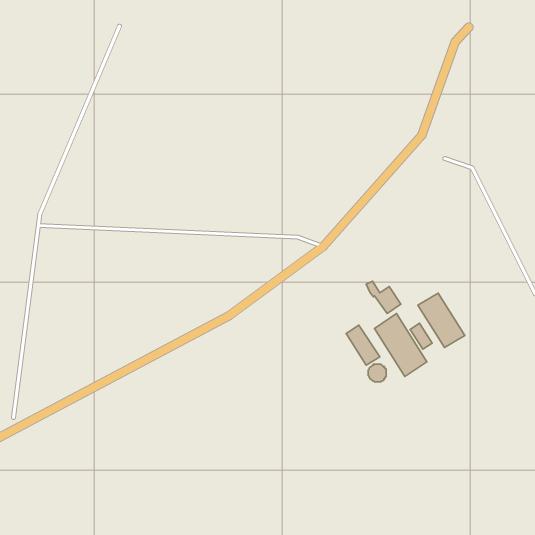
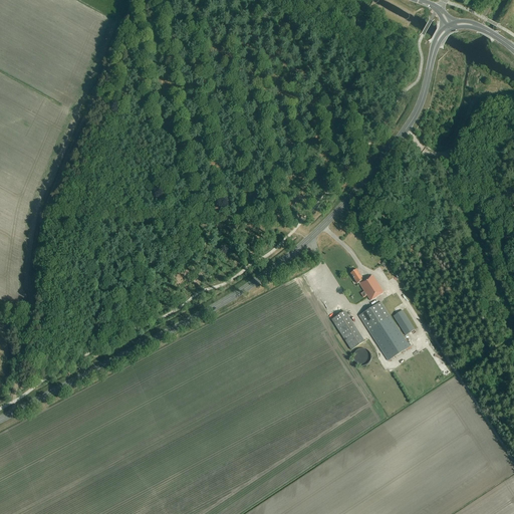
building: [418,293,465,347] -> none

